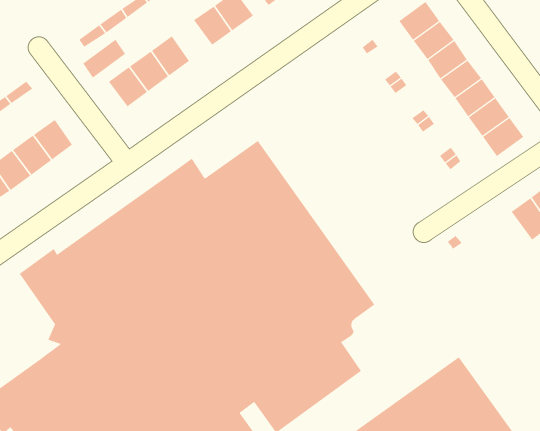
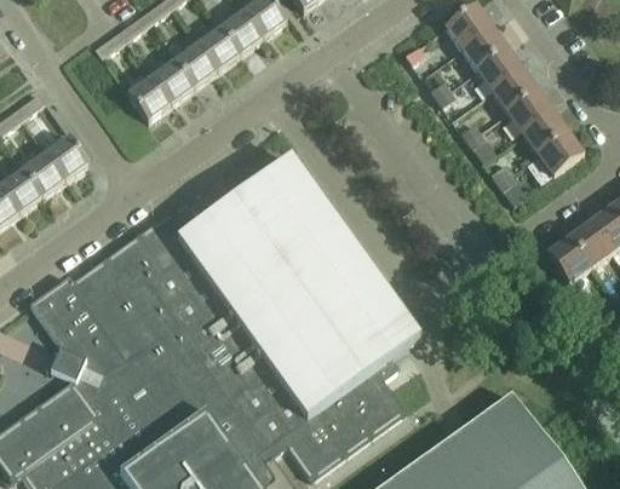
building: none -> [197,24,241,69]
building: [83,39,126,78] -> none
building: none -> [547,235,592,282]

